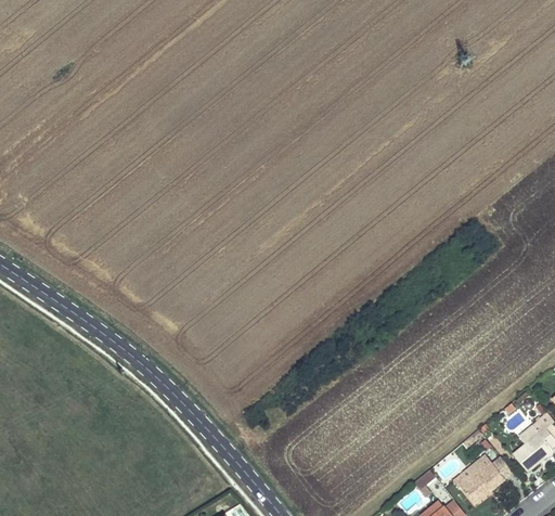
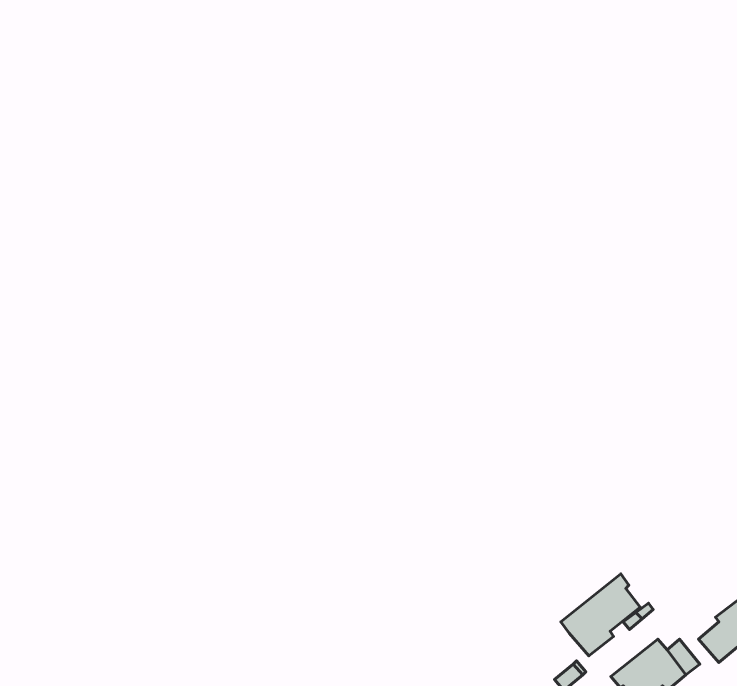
building: none -> [561,574,640,656]

